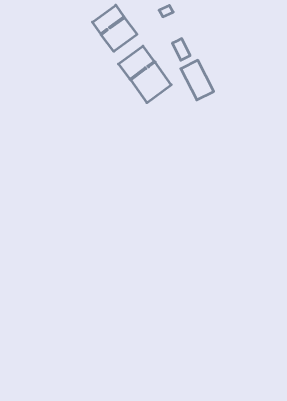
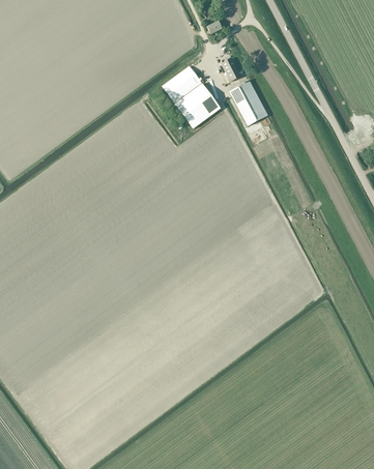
building: [92,5,137,51] -> none

